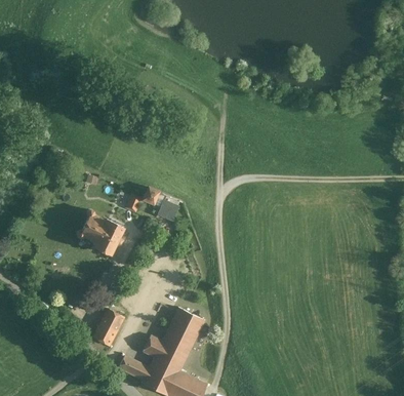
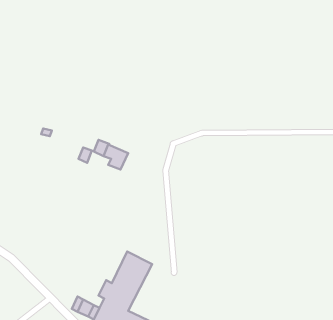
building: [76,209,123,254] -> none
building: [93,309,123,345] -> none

